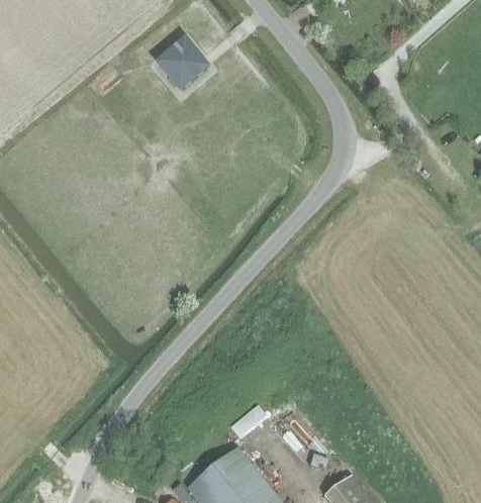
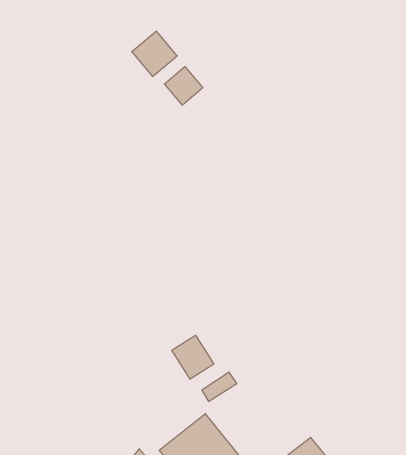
building: none -> [164,67,203,105]
building: none -> [172,335,214,379]

